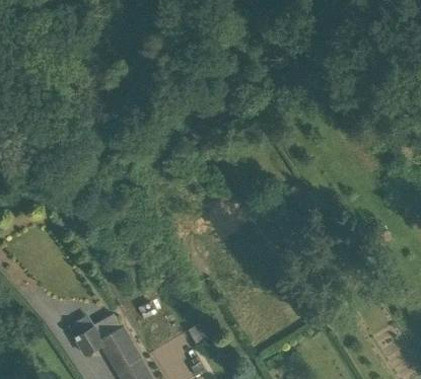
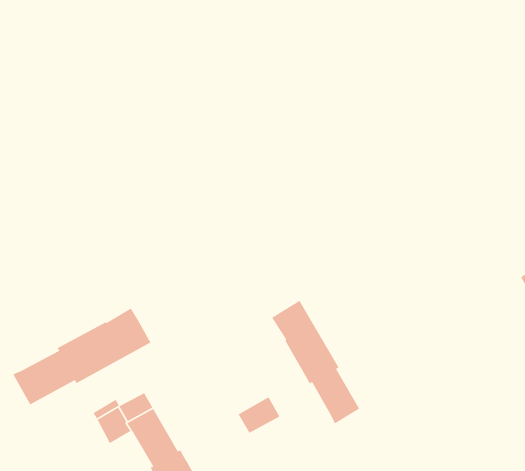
building: none -> [271,300,360,424]
building: none -> [13,308,151,406]

